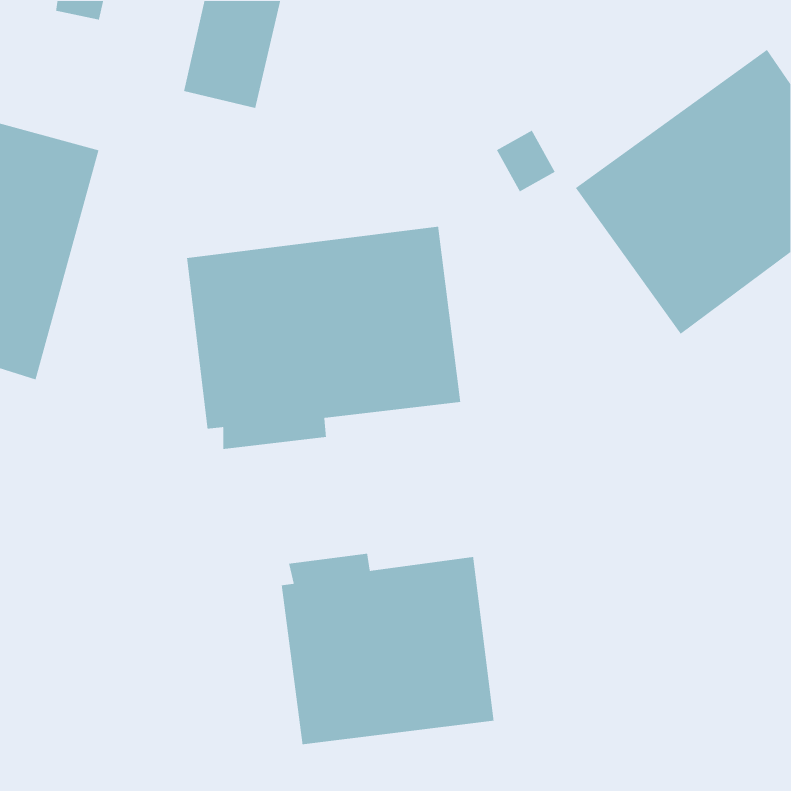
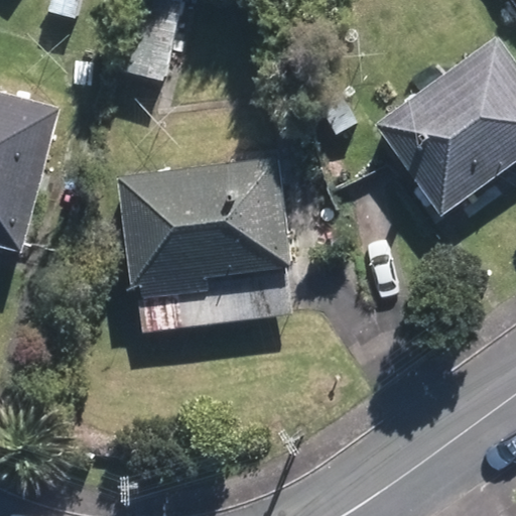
building: [281,553,495,745] -> none

